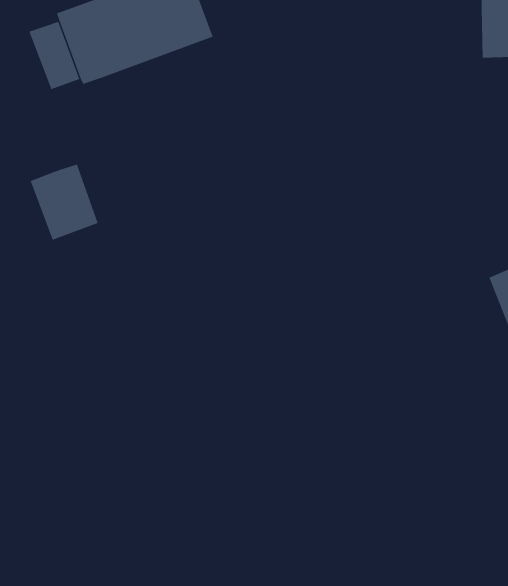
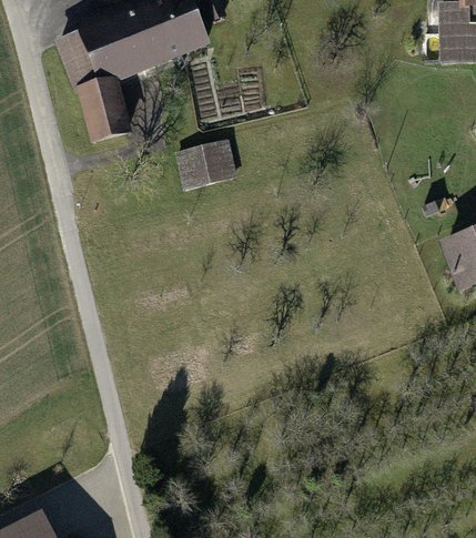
building: none -> [176,140,236,185]
building: [30,164,98,240] -> [79,78,136,142]

